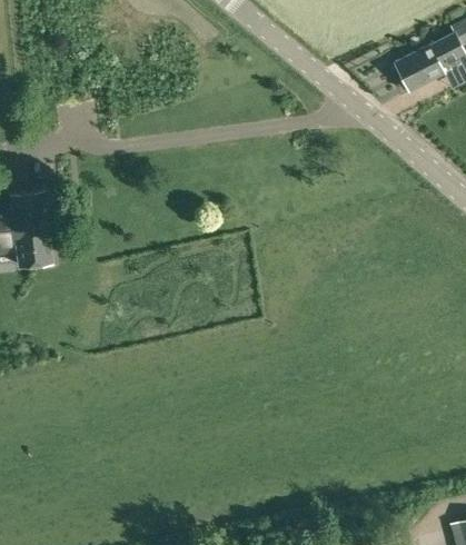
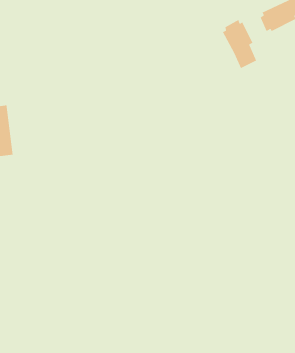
building: none -> [222,19,257,69]

